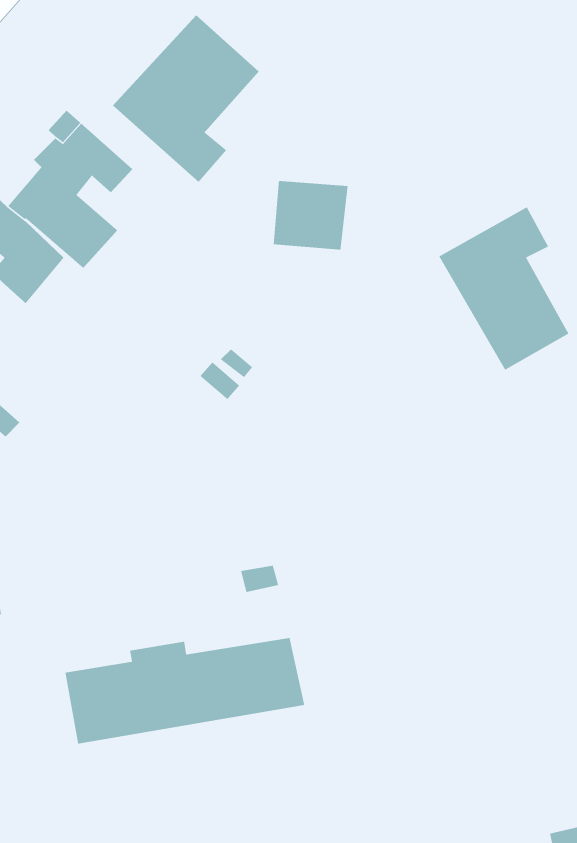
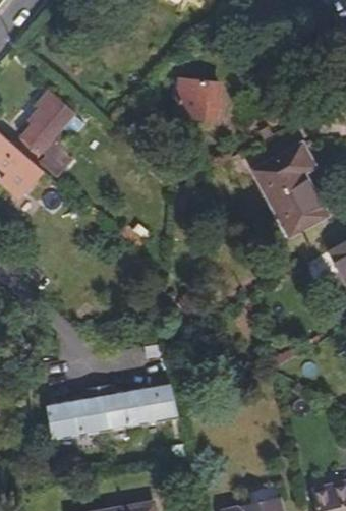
building: [112,15,259,183] -> none
building: [273,180,349,250] -> [178,80,220,119]

